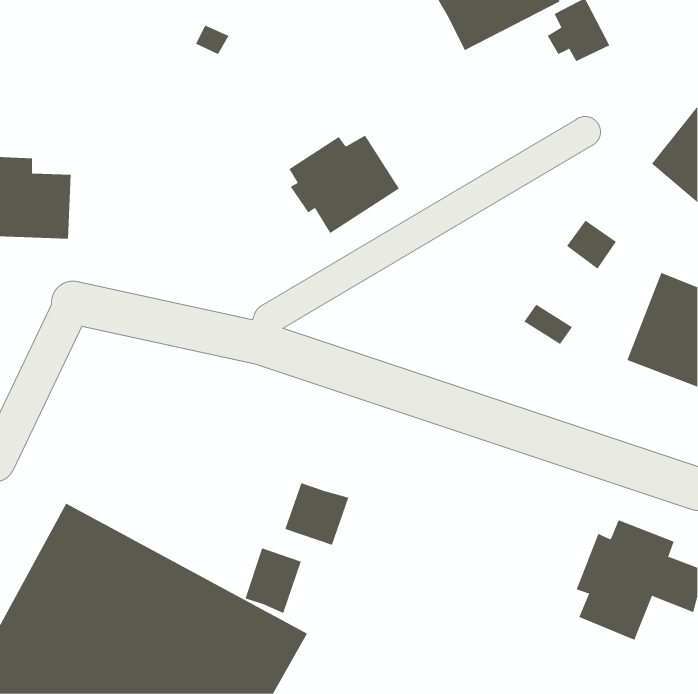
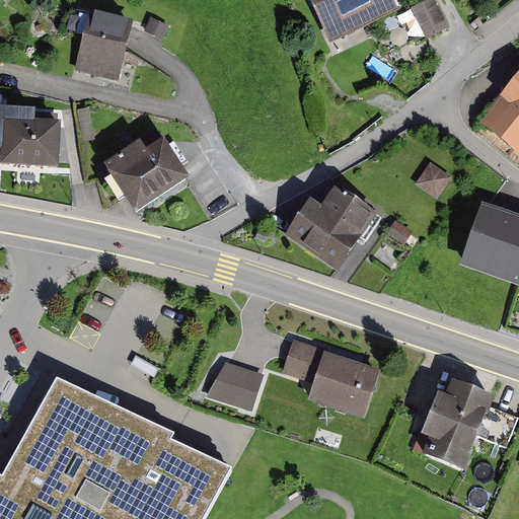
building: none -> [83,15,141,84]
building: [288,135,400,234] -> [102,135,184,208]
building: none -> [287,183,387,272]
building: none -> [283,339,376,412]
building: [245,548,302,614] -> none

